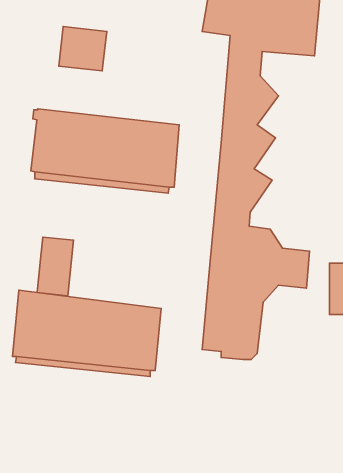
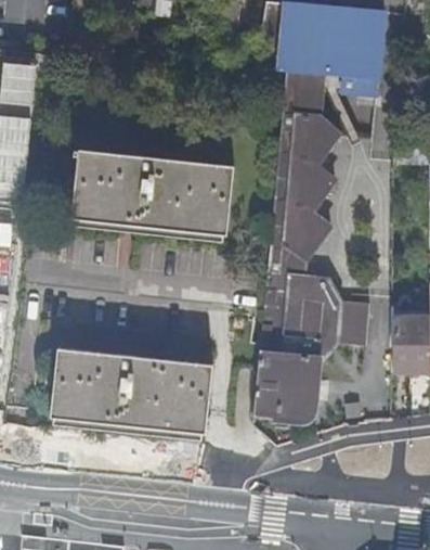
building: [59,27,107,71] -> none
building: [37,237,73,296] -> none

